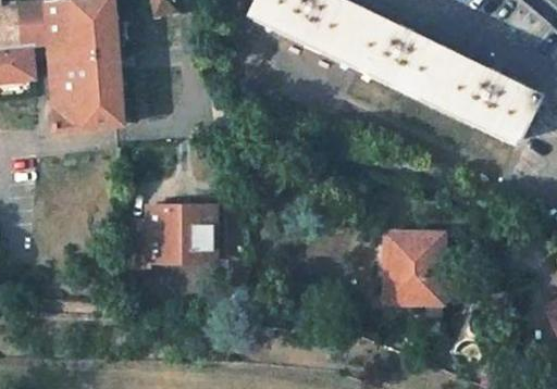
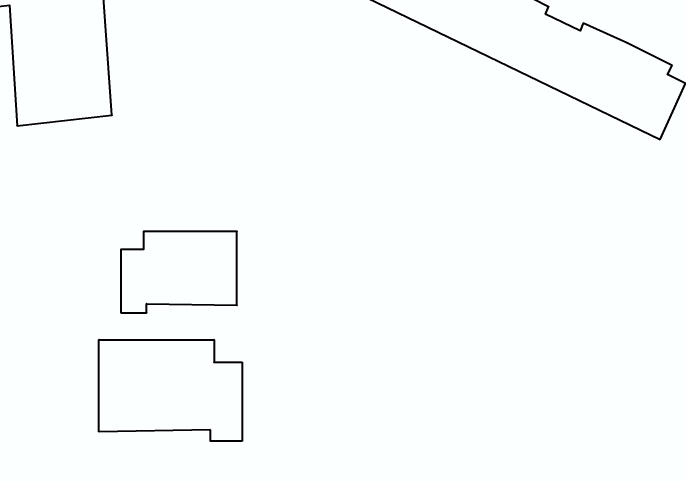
building: [387,234,444,303] -> none
building: none -> [99,340,242,441]

